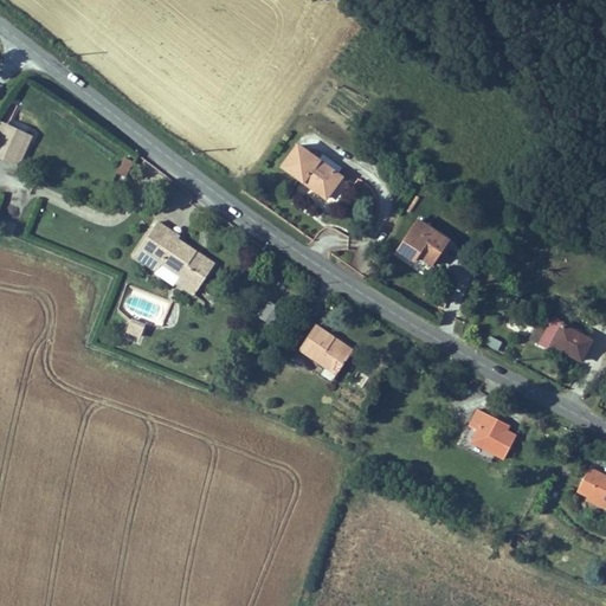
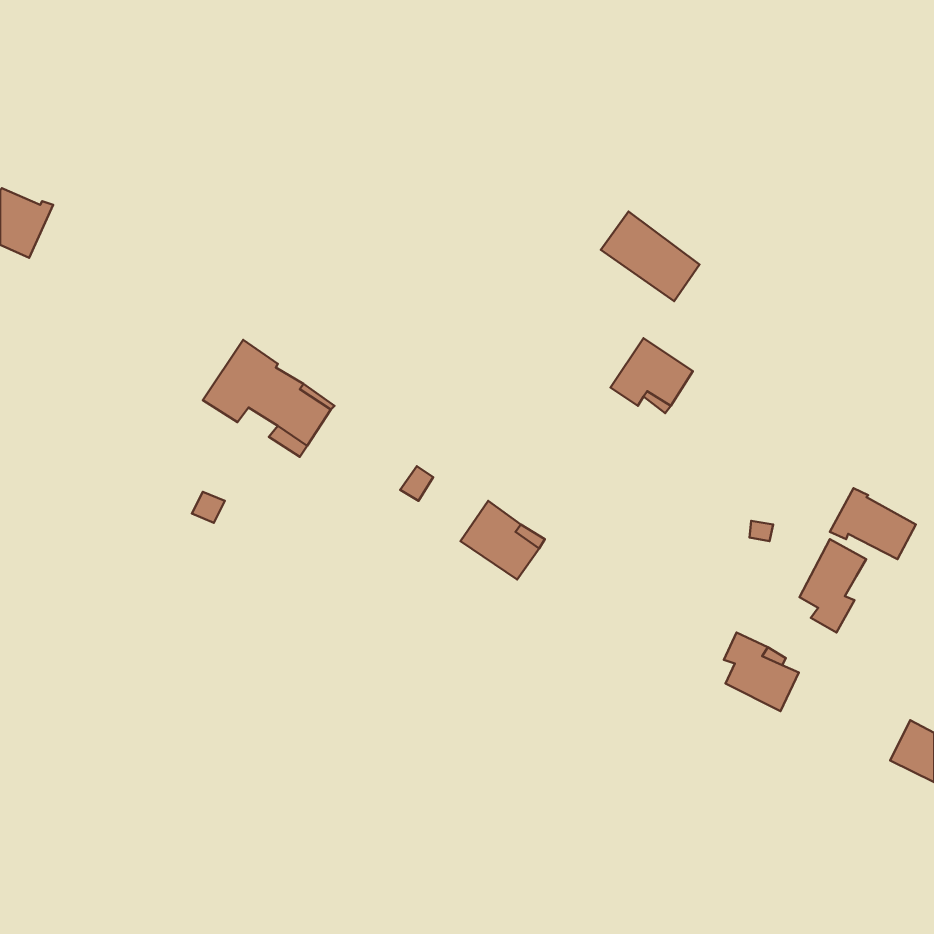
building: [279,142,343,200] -> [601,212,700,301]
building: none -> [799,539,866,632]

